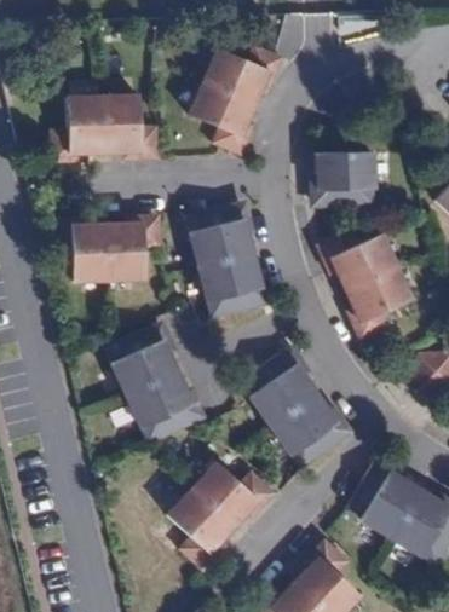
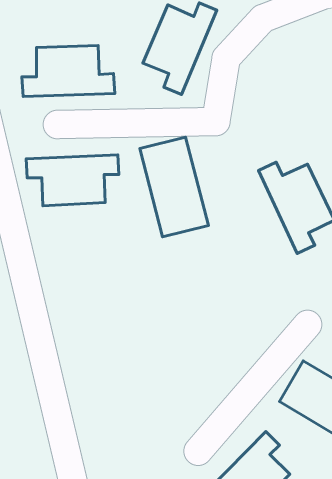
building: [317,151,375,207] -> none
building: [105,324,200,444] -> none
building: [241,350,347,469] -> none
building: [168,462,270,565] -> none

